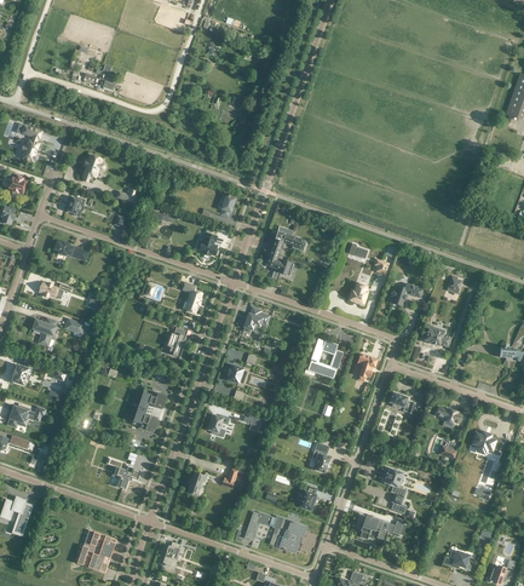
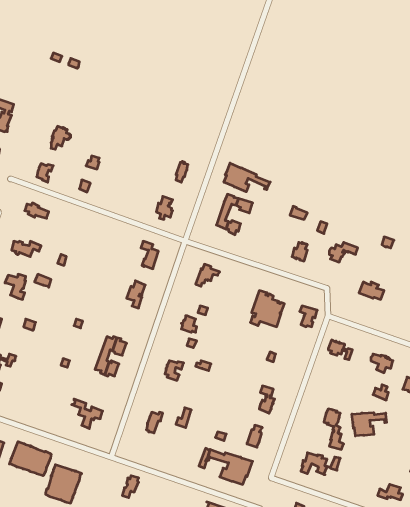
building: none -> [224,163,270,192]
building: none -> [352,413,387,436]
building: none -> [9,442,51,476]

